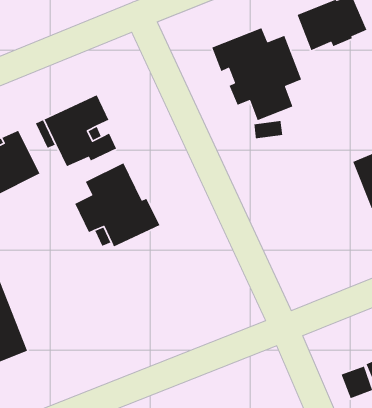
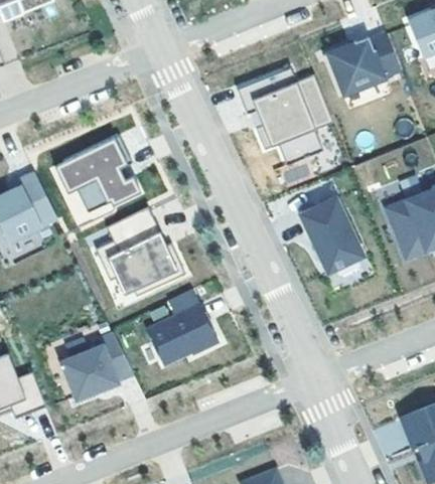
building: none -> [298,197,361,275]
building: none -> [146,289,219,364]
building: none -> [61,335,133,402]

